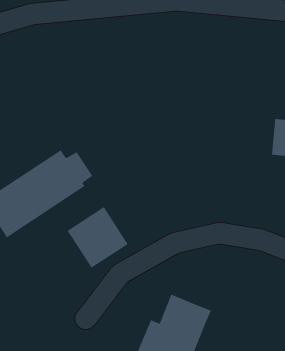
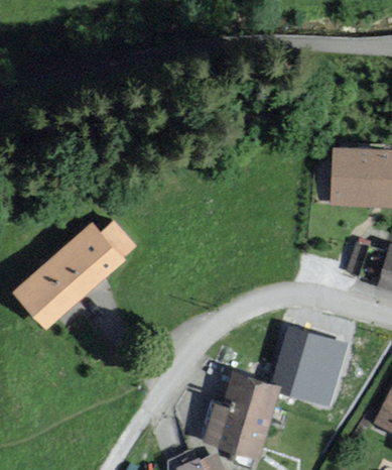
building: [67,206,129,269] -> none
building: none -> [268,329,344,409]

